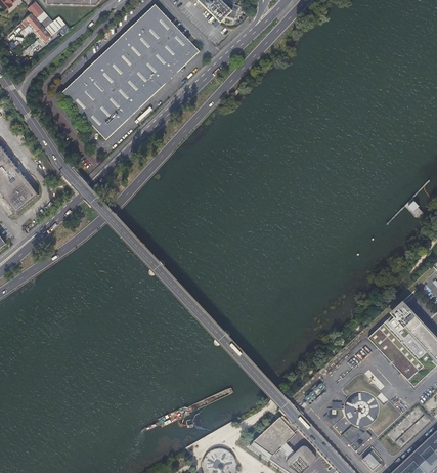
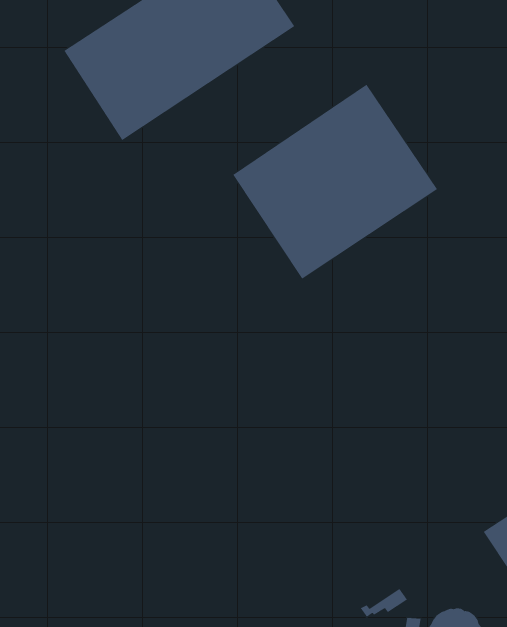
building: none -> [233,84,438,279]

